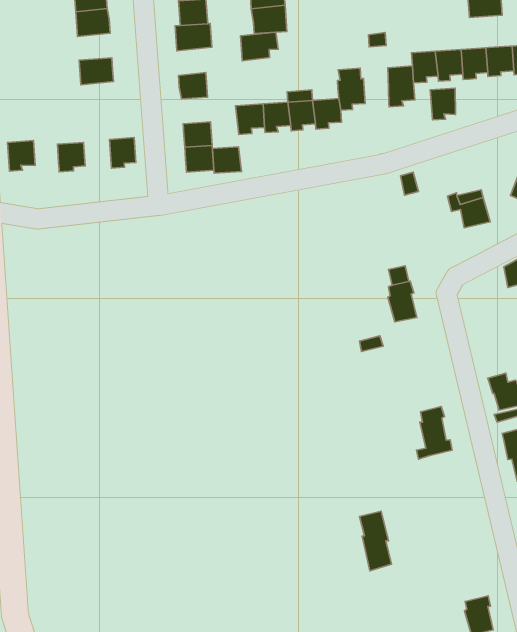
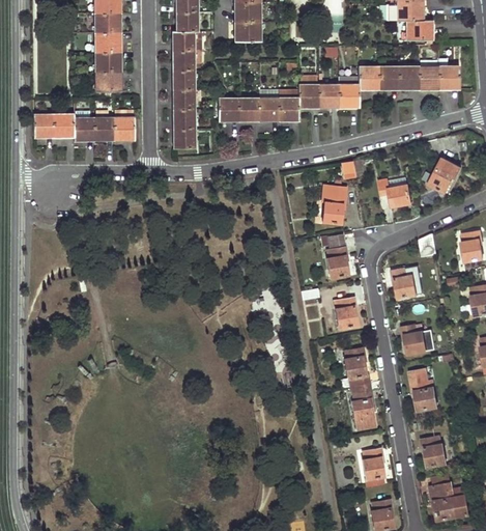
building: [241,32,278,61] -> [173,51,202,72]
building: none -> [95,34,121,54]
building: none -> [95,73,121,93]
building: [430,88,456,120] -> [319,84,339,108]
building: none -> [55,115,74,139]
building: none -> [94,118,115,141]
building: [212,147,241,173] -> [174,90,196,110]
building: none -> [323,186,347,223]
building: none -> [392,268,417,298]
building: none -> [335,297,356,328]
building: [359,511,392,571] -> [351,383,374,429]
building: none -> [361,449,385,487]

